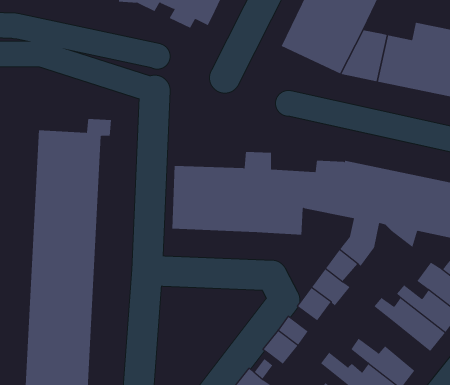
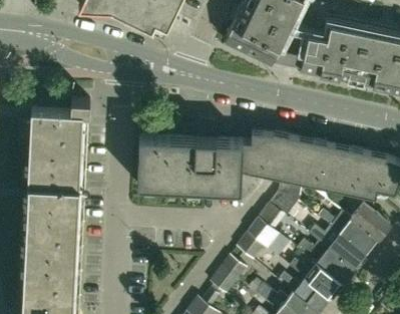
building: none -> [291,259,343,298]

